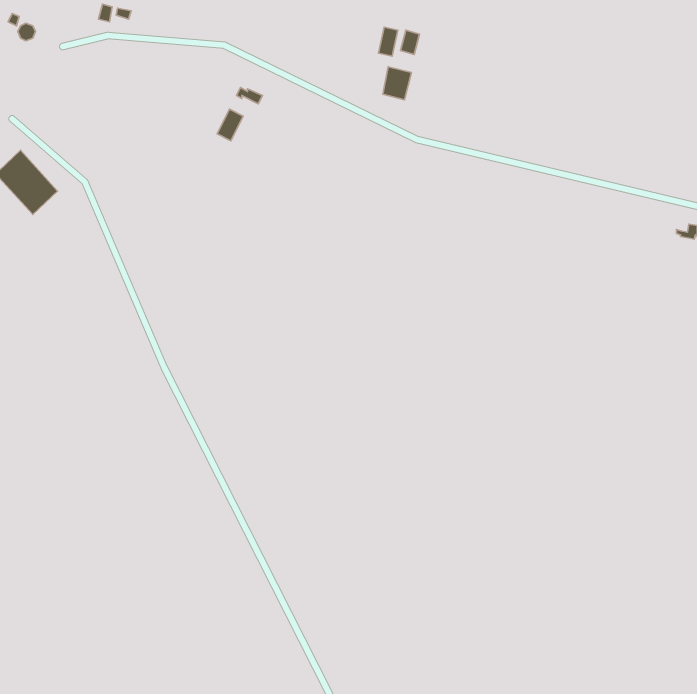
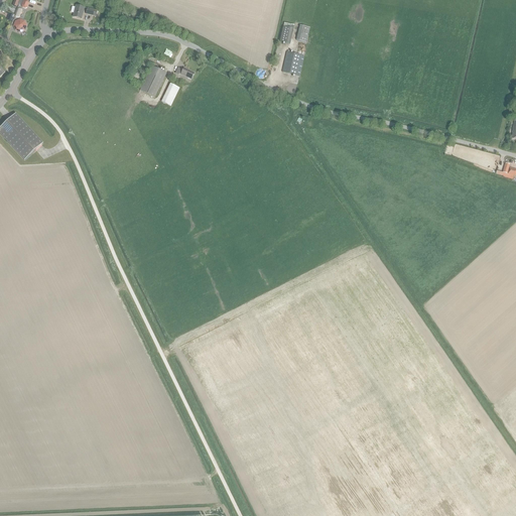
building: none -> [139,63,166,96]

